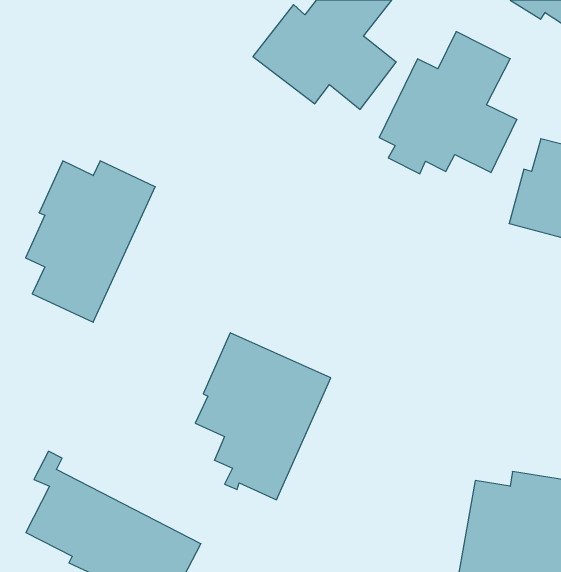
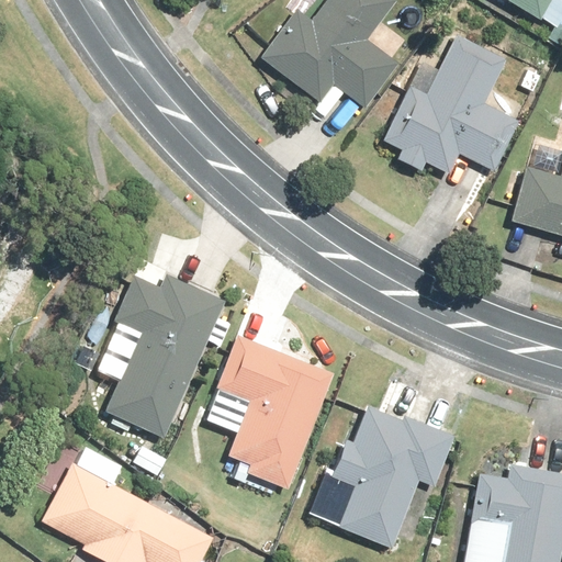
building: [26,161,155,322] -> [98,277,224,434]
building: none -> [308,402,457,544]

